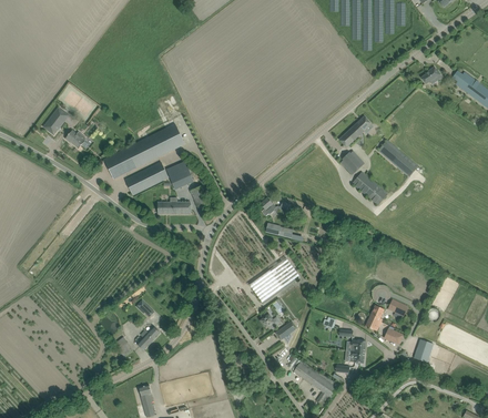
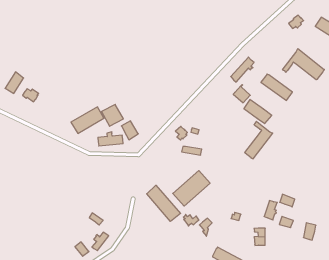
building: none -> [283,49,324,80]
building: [104,123,185,179] -> none
building: none -> [245,121,273,159]
building: none -> [147,185,181,221]

